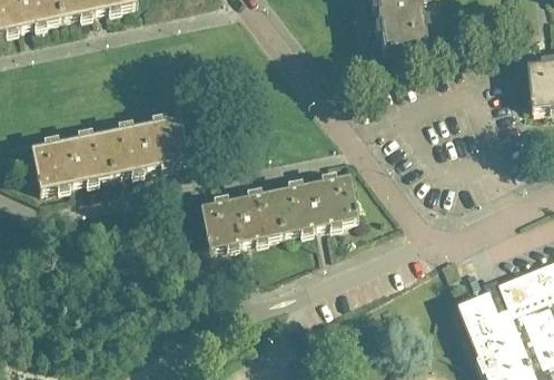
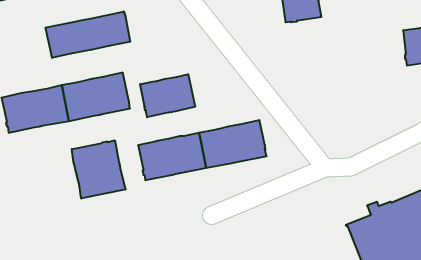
building: none -> [46,11,130,58]
building: none -> [140,74,195,117]
building: none -> [72,140,125,199]

